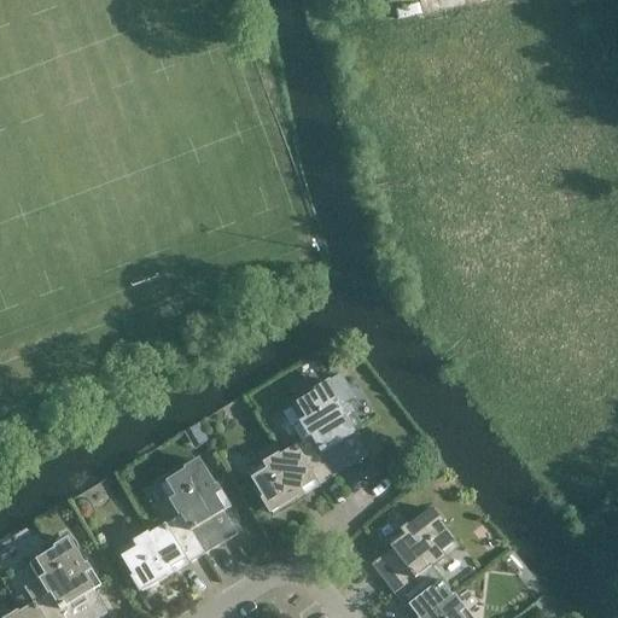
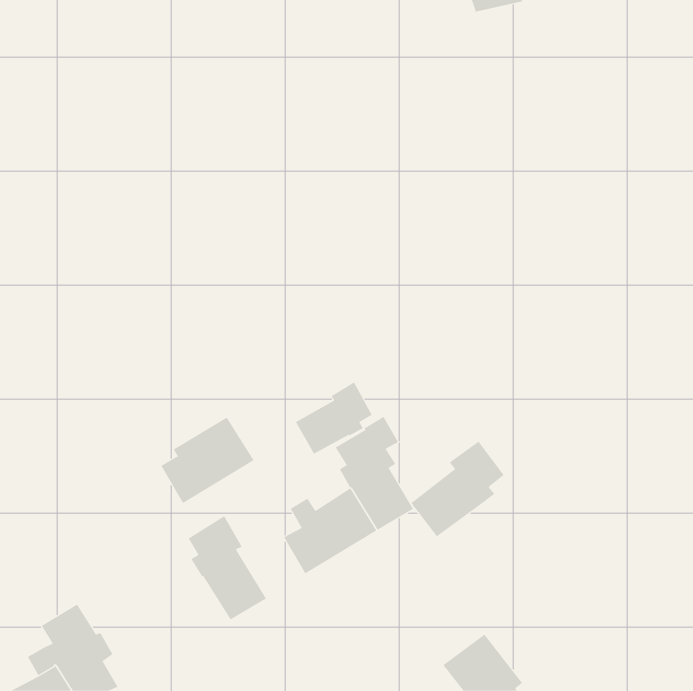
building: none -> [295,381,373,454]
building: [369,505,453,590] -> [411,441,505,537]
building: [121,512,204,589] -> [161,417,255,504]

